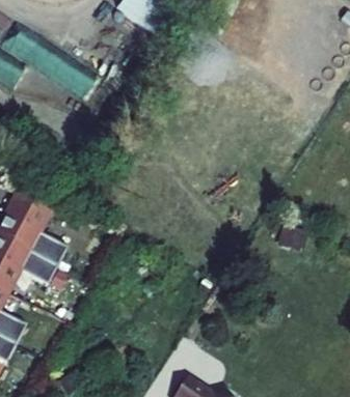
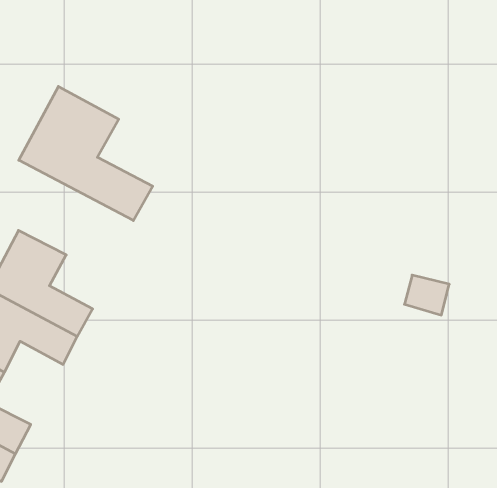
building: none -> [19,86,153,221]

